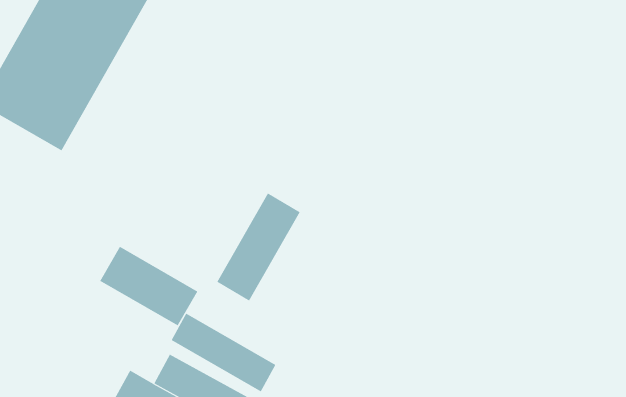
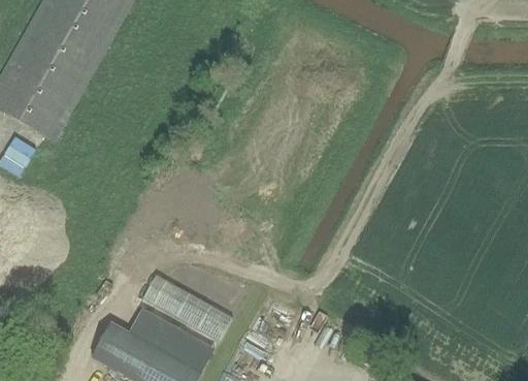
building: [216,193,301,301] -> none
building: [99,246,198,326] -> none

